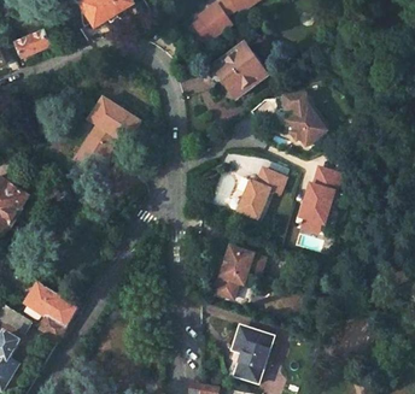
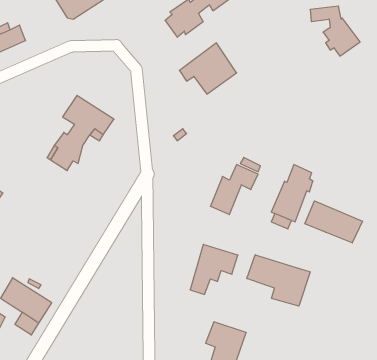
building: [275,95,326,146] -> [310,6,360,56]
building: none -> [305,201,362,243]
building: none -> [247,255,310,306]

